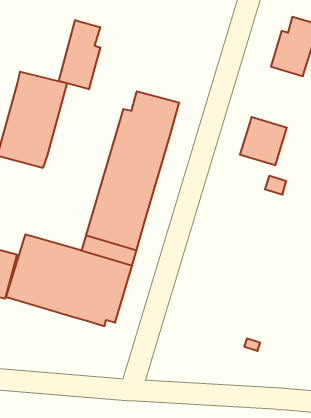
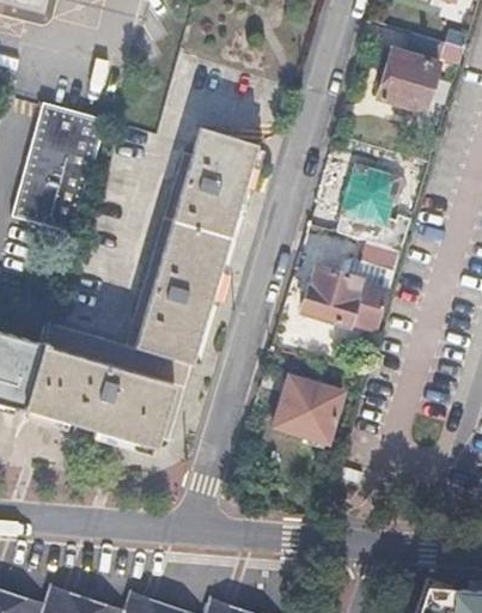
building: [59,20,100,89] -> none
building: none -> [301,266,390,330]
building: none -> [271,372,347,443]

